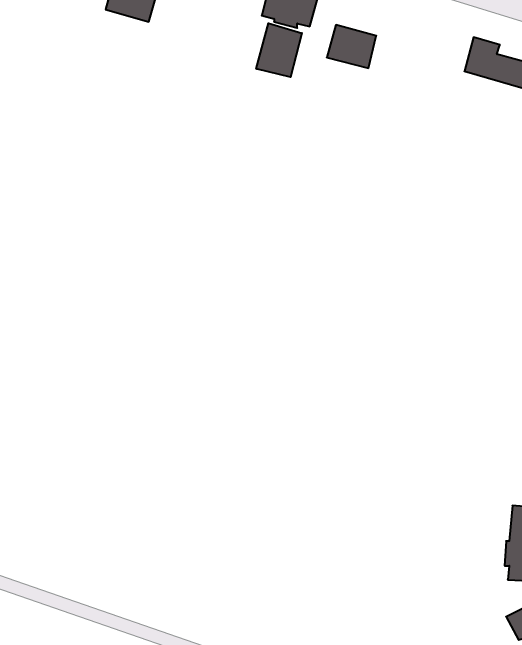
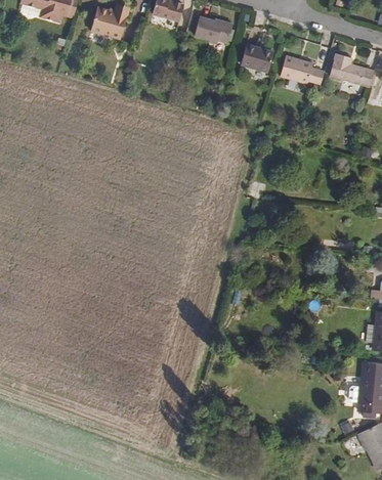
building: [256,23,302,77] -> none
building: none -> [280,55,323,84]

